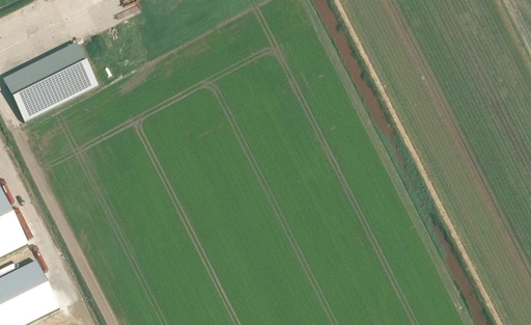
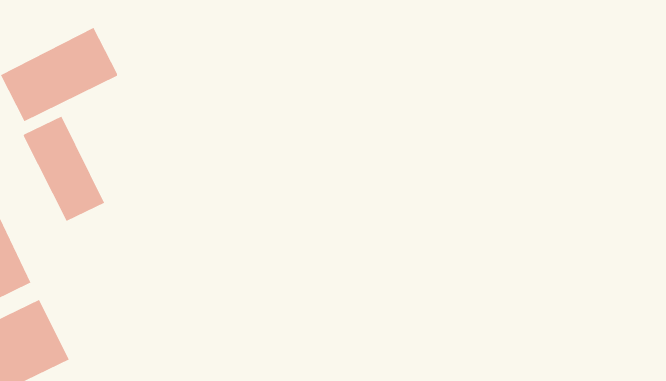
building: none -> [22,115,105,222]

